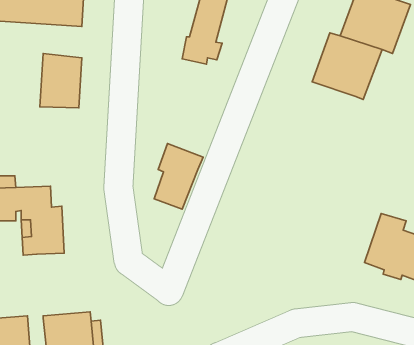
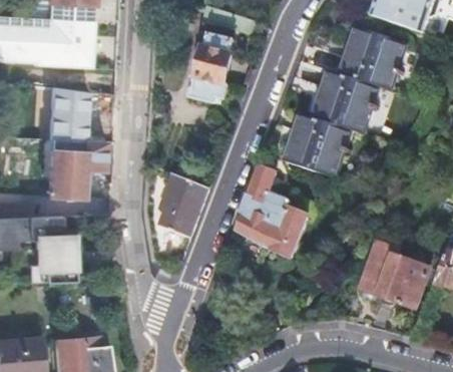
building: none -> [284,112,354,179]
building: none -> [47,139,104,195]
building: none -> [234,165,305,254]

